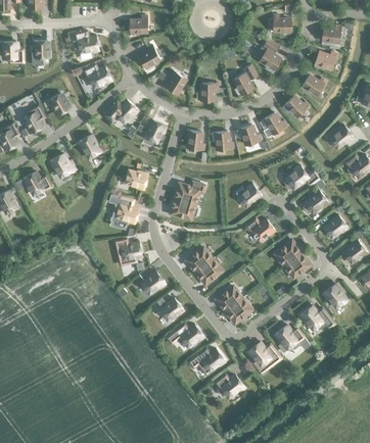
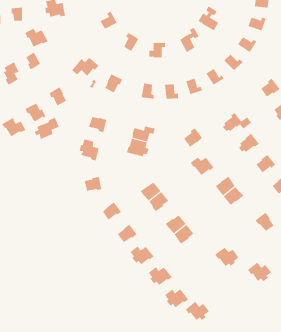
building: [82,63,110,87] -> [24,28,49,48]
building: none -> [34,117,59,140]
building: [298,305,328,329] -> [247,262,272,282]
building: [246,341,276,364] -> [185,301,210,321]

